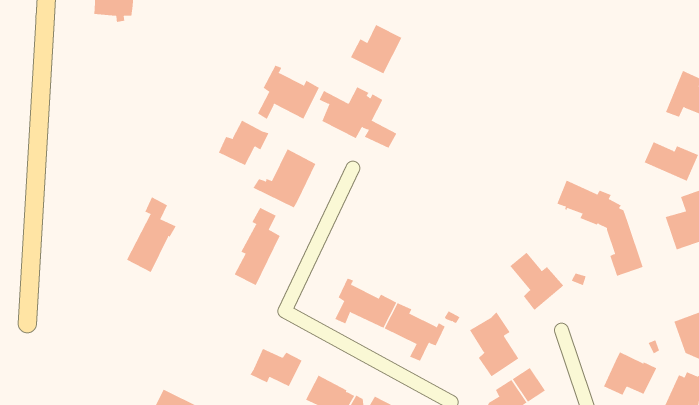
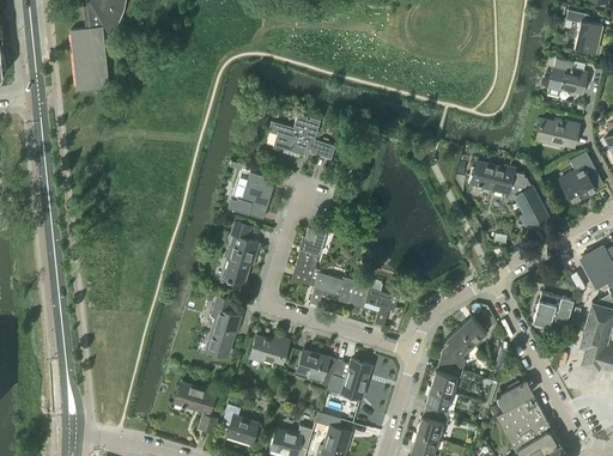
building: [350,24,402,74] -> none
building: [257,65,320,120] -> none
building: [218,120,269,166] -> none
building: [126,197,177,273] -> [205,296,241,357]
building: none -> [291,227,326,285]
building: [510,252,564,311] -> none
building: [469,312,519,377] -> none

